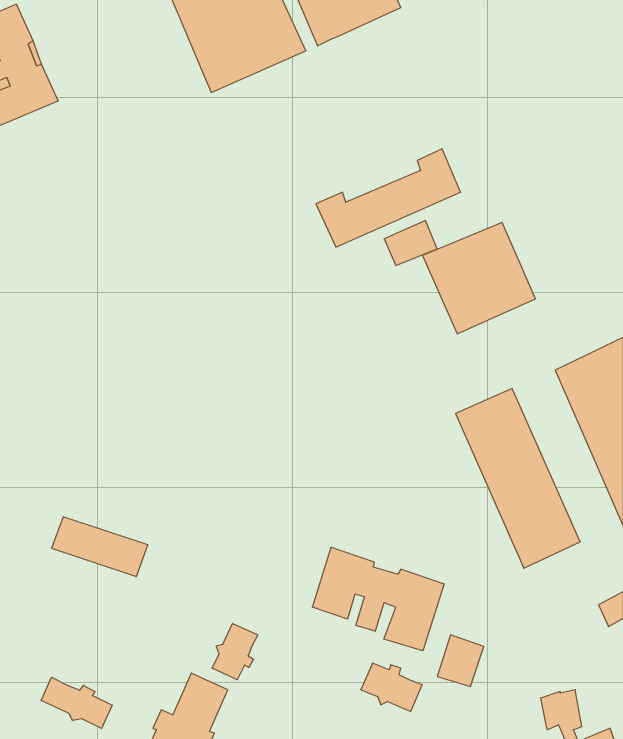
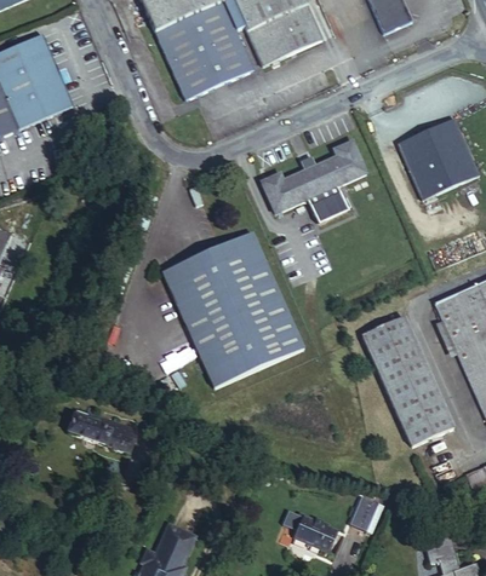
building: [422,222,535,334] -> [396,119,479,200]
building: none -> [164,231,304,387]
building: [312,547,444,651] -> none
building: [212,623,258,680] -> none
building: [41,677,112,728] -> none

